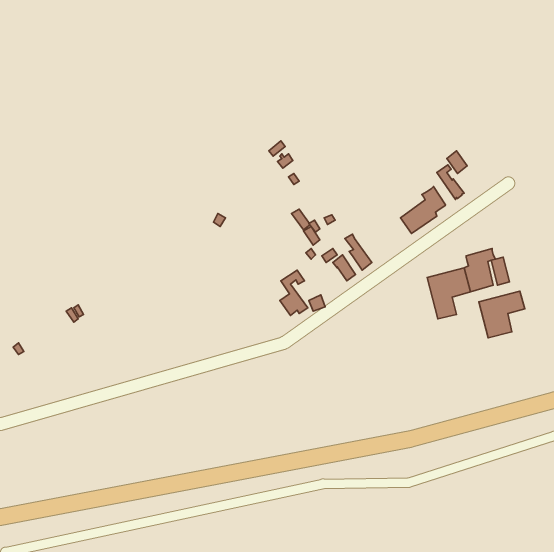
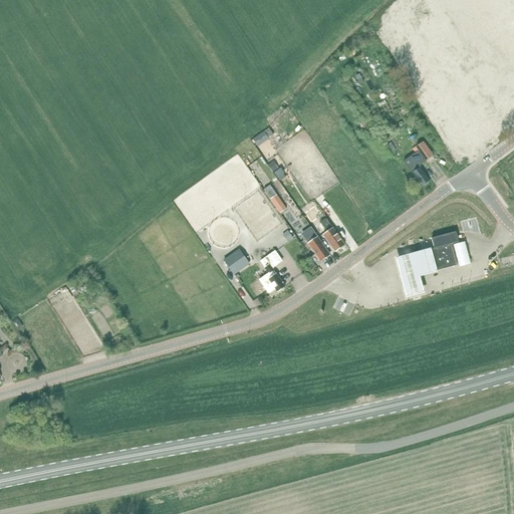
building: [401,187,446,234] -> none
building: none -> [223,249,250,275]
building: [479,291,525,338] -> none

